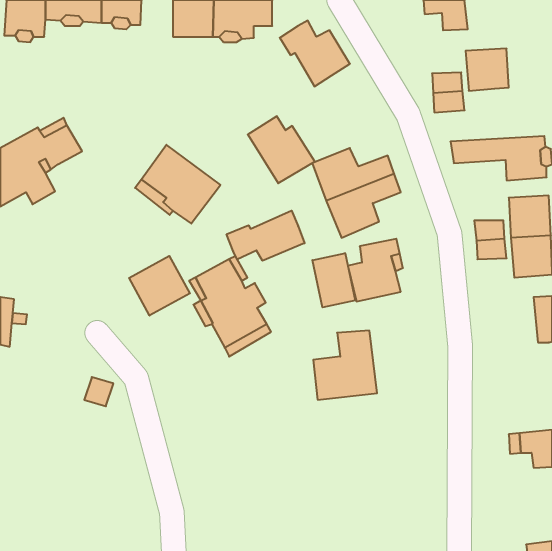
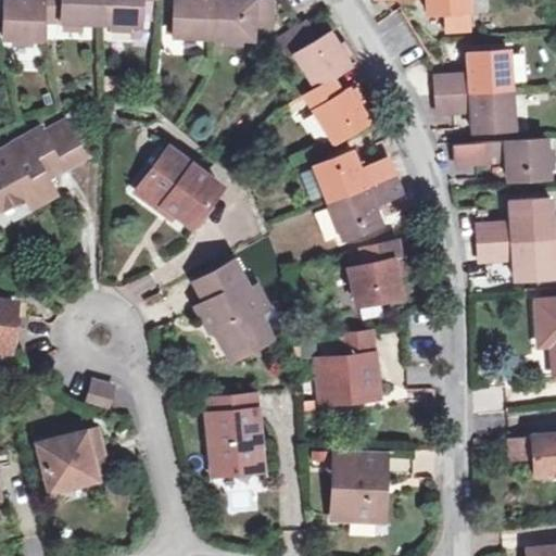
building: none -> [471,89,514,131]
building: [248,116,315,183] -> [304,77,371,144]
building: [227,211,305,261] -> none
building: [312,253,355,307] -> none
building: [129,256,190,316] -> none
building: none -> [204,394,258,476]
building: none -> [38,429,109,491]
building: none -> [333,454,386,521]

